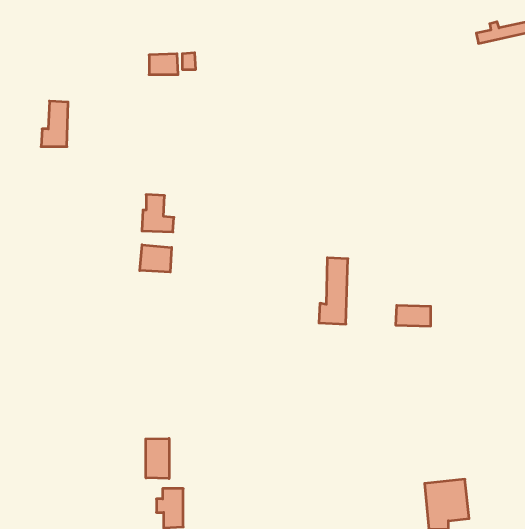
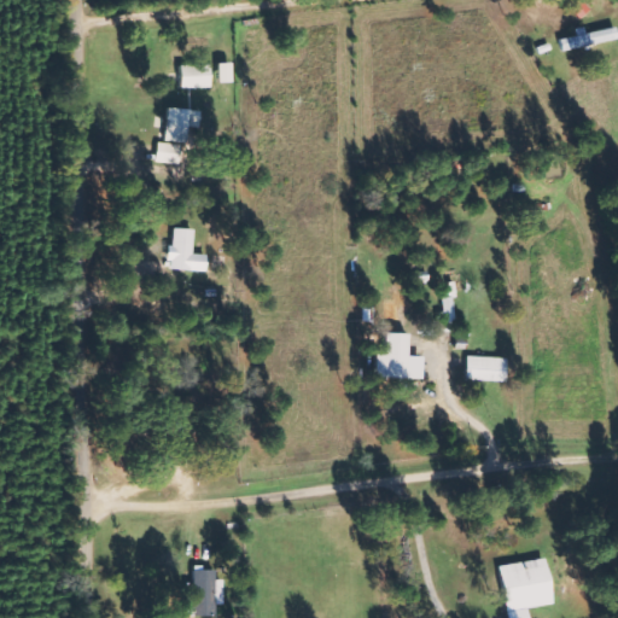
building: [41,101,68,147] -> [157,109,188,162]
building: [140,245,172,272] -> none
building: [146,438,169,479] -> none

